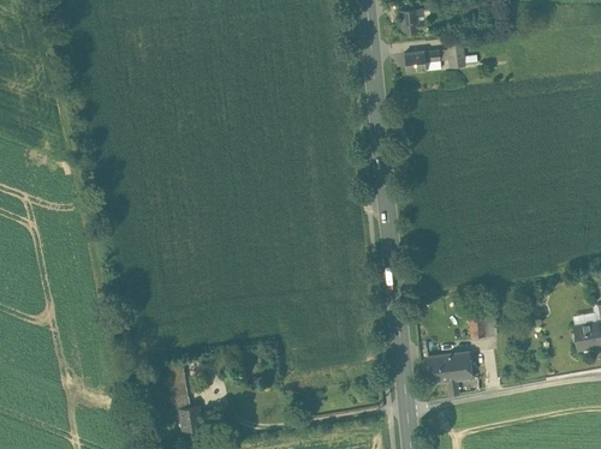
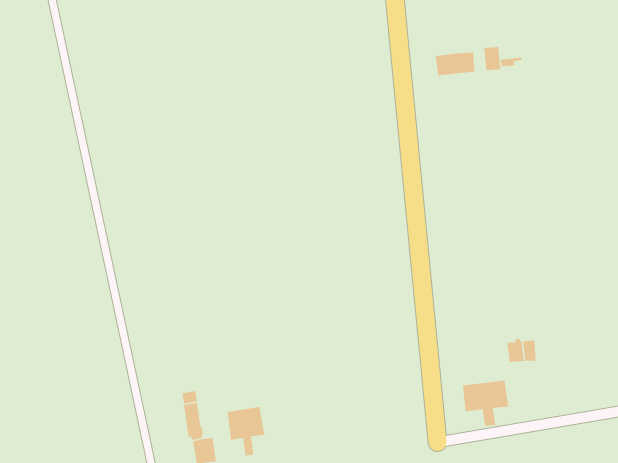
building: [398,10,426,32] -> none
building: none -> [226,406,265,457]

